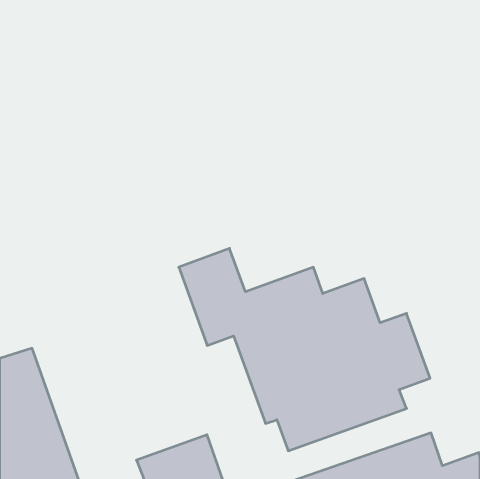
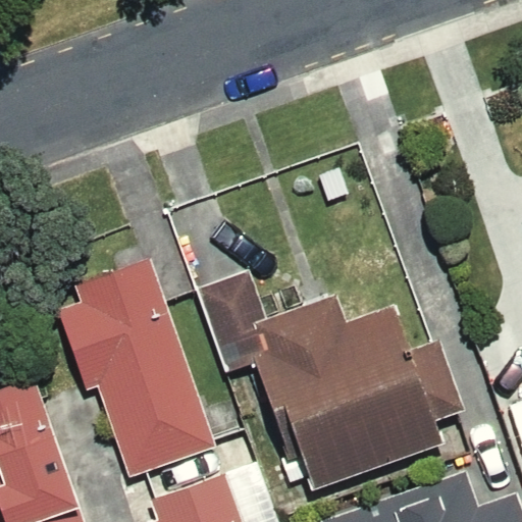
building: none -> [57,260,215,478]

